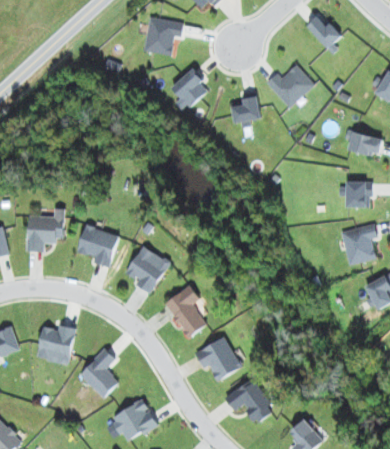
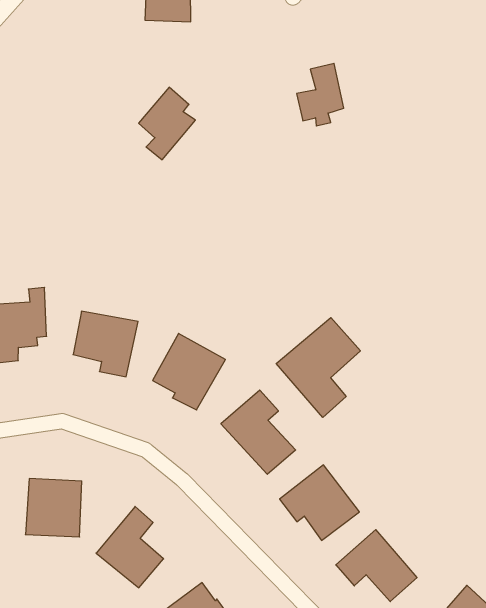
building: [266,64,313,106] -> none
building: [171,67,206,111] -> [139,87,195,160]
building: none -> [276,318,360,417]

